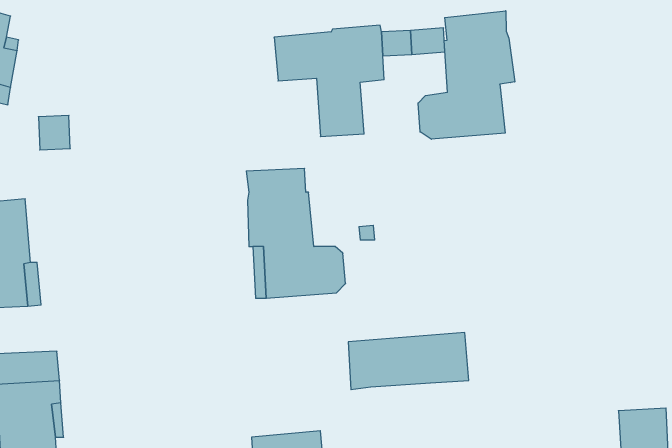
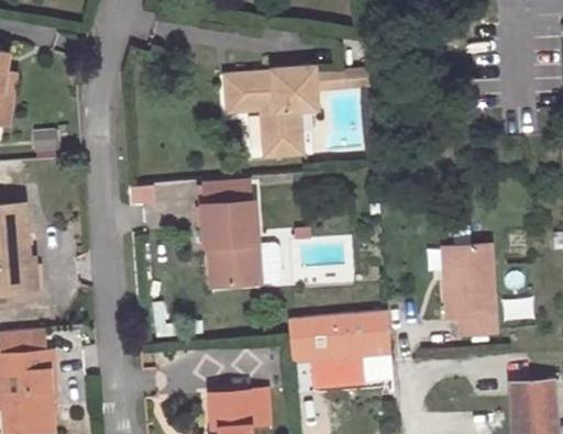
building: [418,11,515,139] -> none
building: none -> [442,244,498,335]
building: none -> [309,357,361,388]

